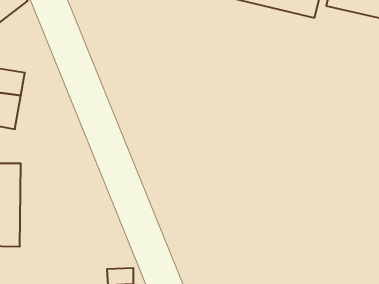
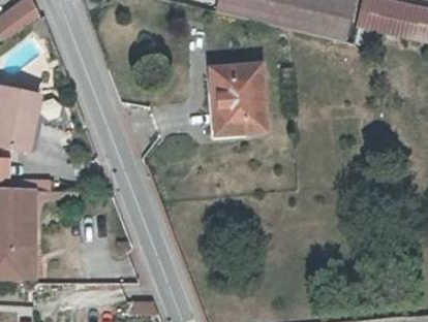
building: none -> [213,64,266,131]

